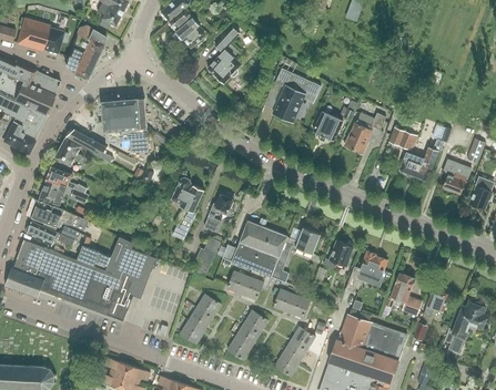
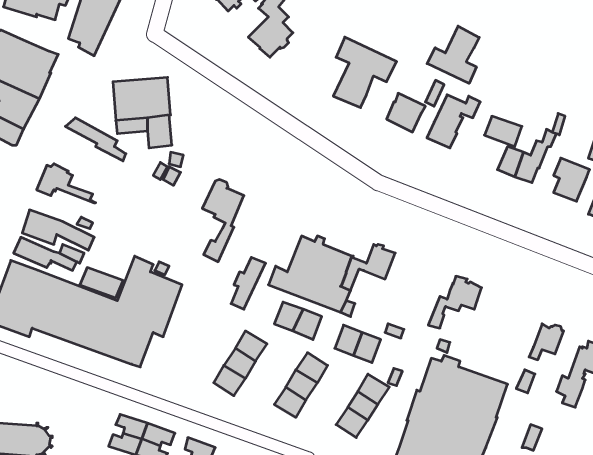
building: none -> [427,26,479,83]
building: [54,137,80,171] -> none
building: [39,184,88,206] -> none
building: [203,193,233,232] -> none
building: [323,240,353,269] -> none
building: [391,274,422,316] -> none

